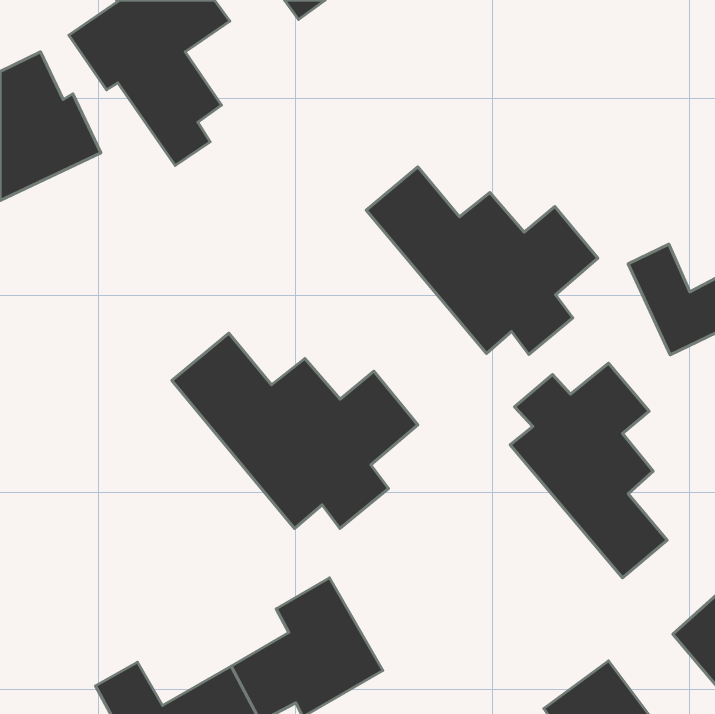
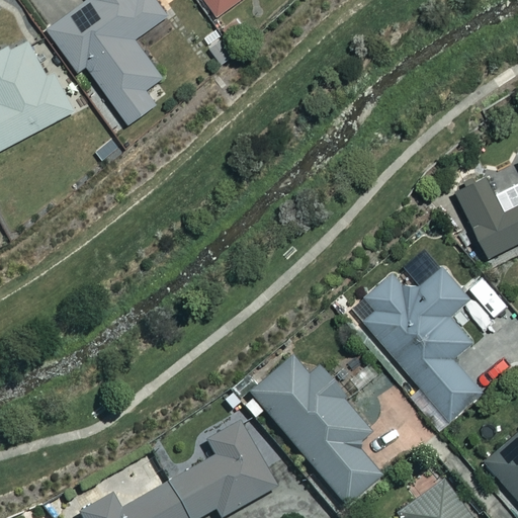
building: [366,167,598,354] -> none
building: [172,333,418,529] -> none
building: none -> [250,349,379,505]

